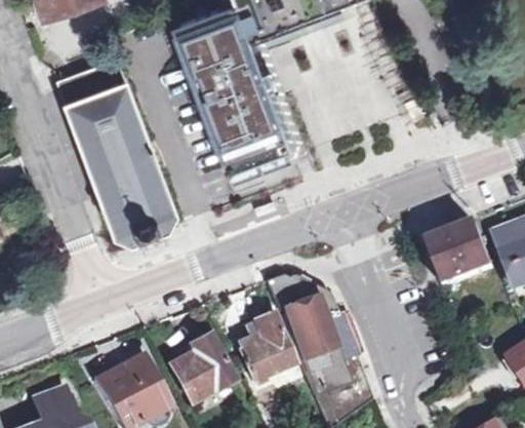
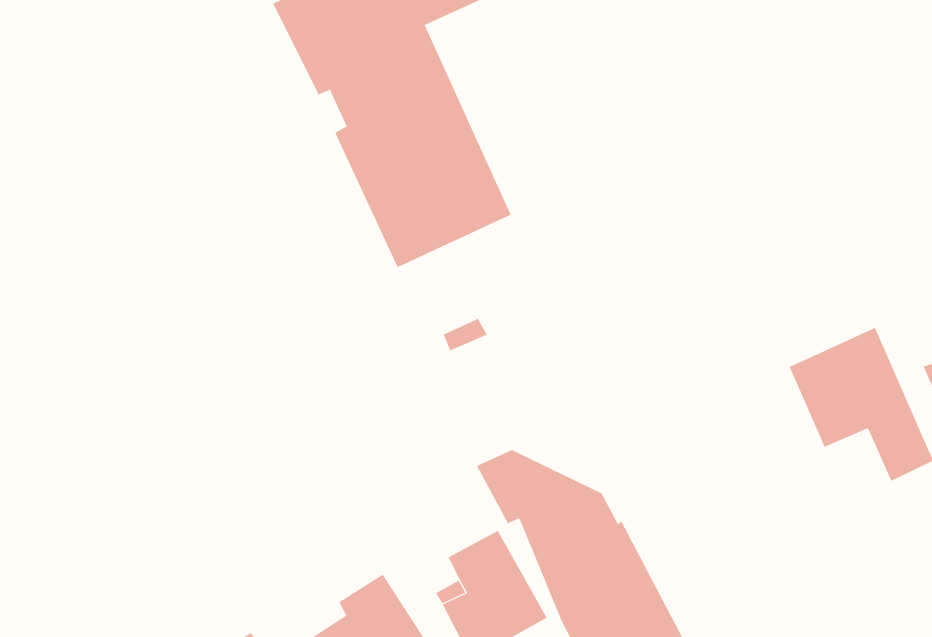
building: [57,62,178,241] -> none

